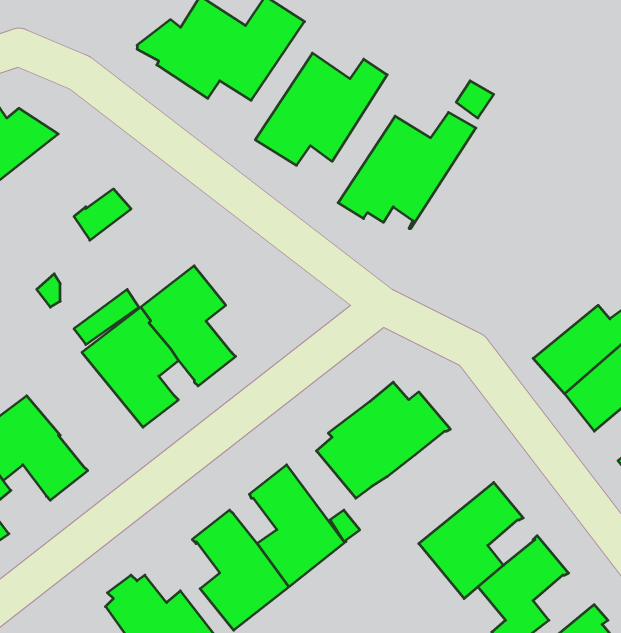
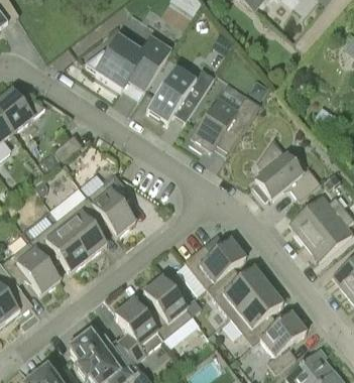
building: none -> [253,138,321,200]
building: none -> [29,219,89,272]
building: none -> [206,267,268,316]

